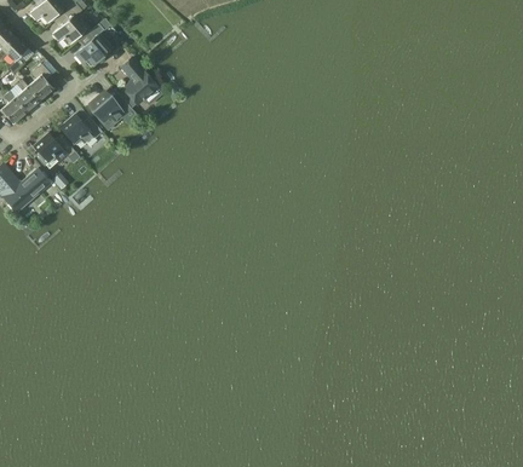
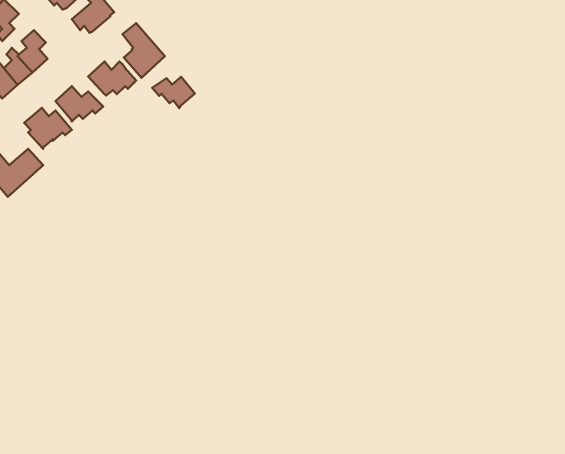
building: none -> [152,77,195,108]

